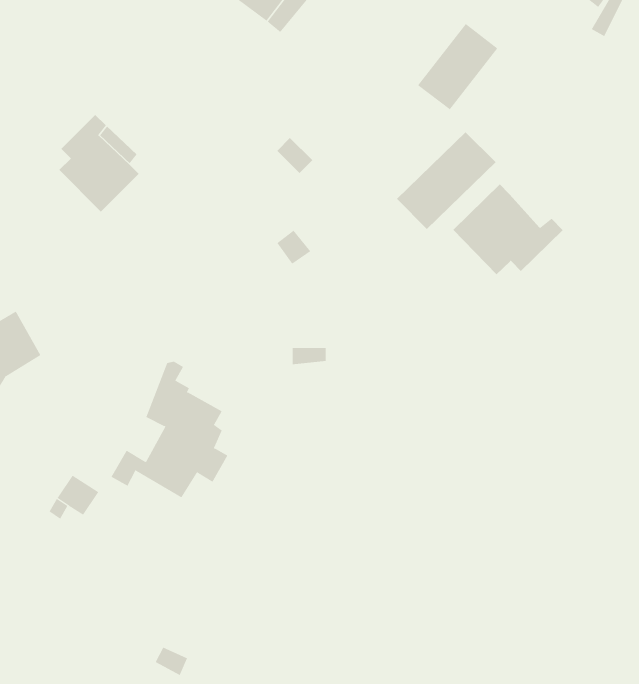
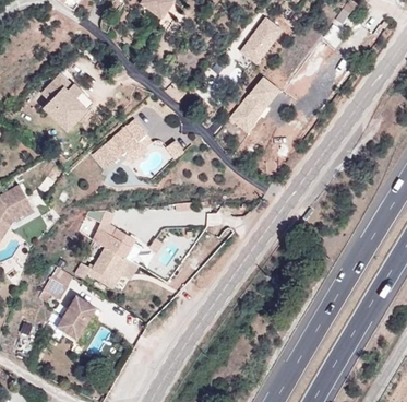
building: [452,184,564,275] -> none
building: none -> [92,114,147,166]
building: none -> [55,296,93,338]

